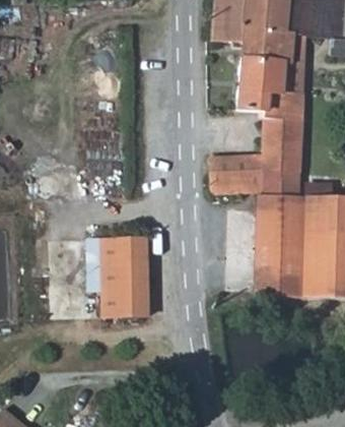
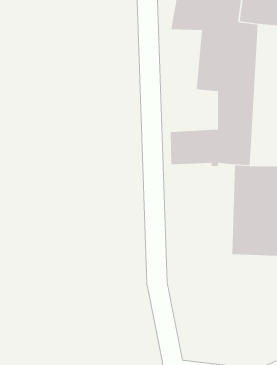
building: [252,191,282,295] -> none
building: [102,232,148,309] -> none

